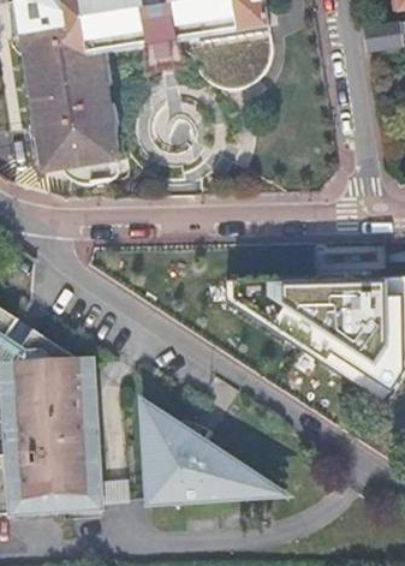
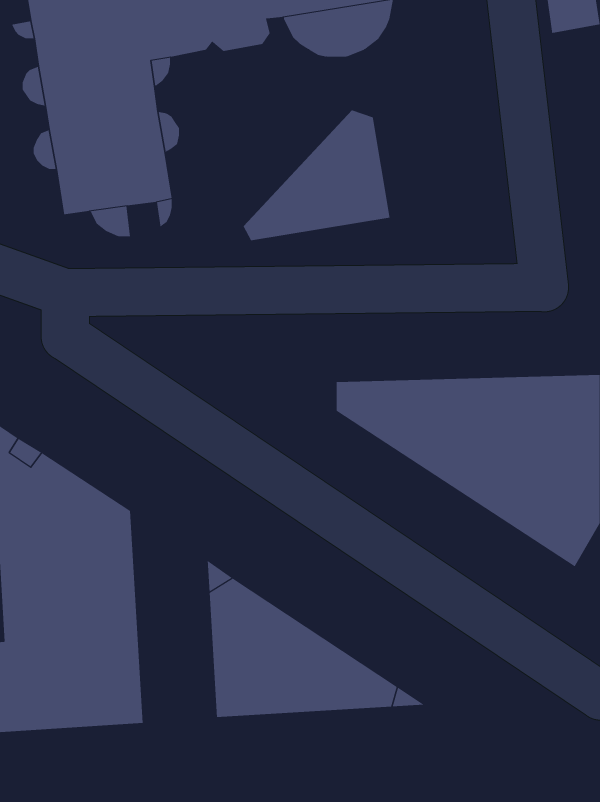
building: none -> [243,109,390,241]

